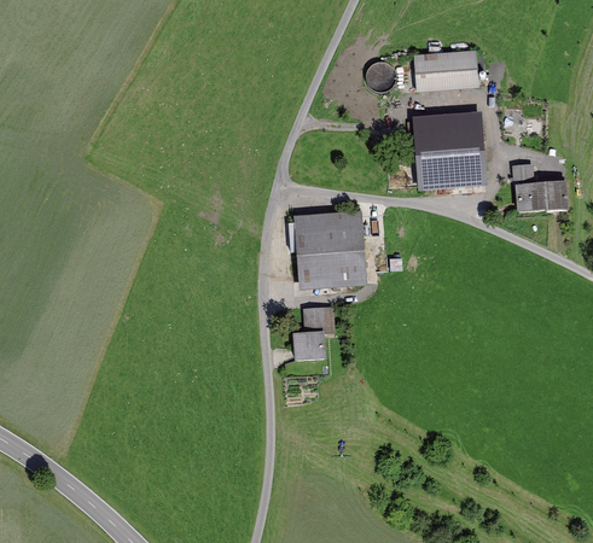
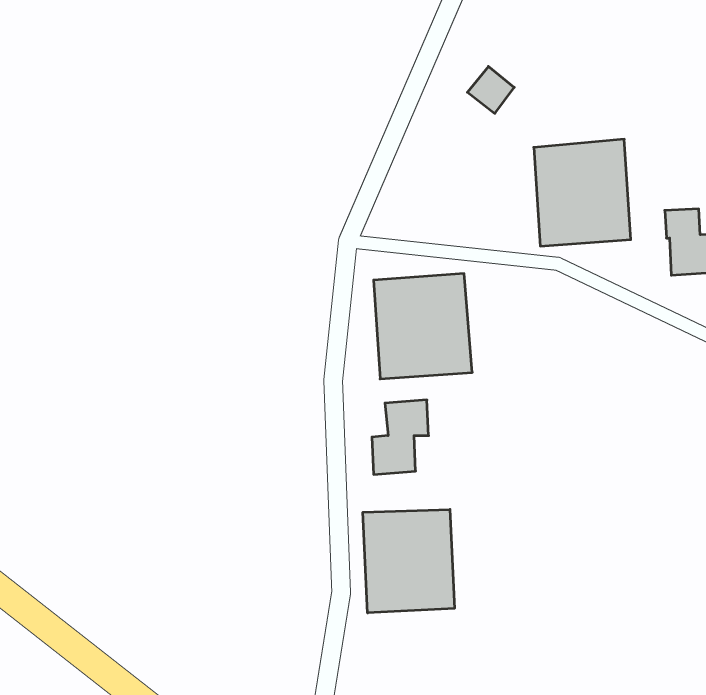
building: [413,49,478,92] -> none
building: none -> [363,509,454,613]

